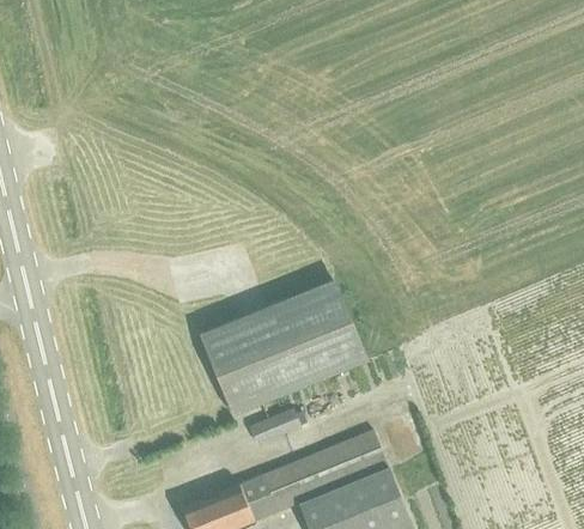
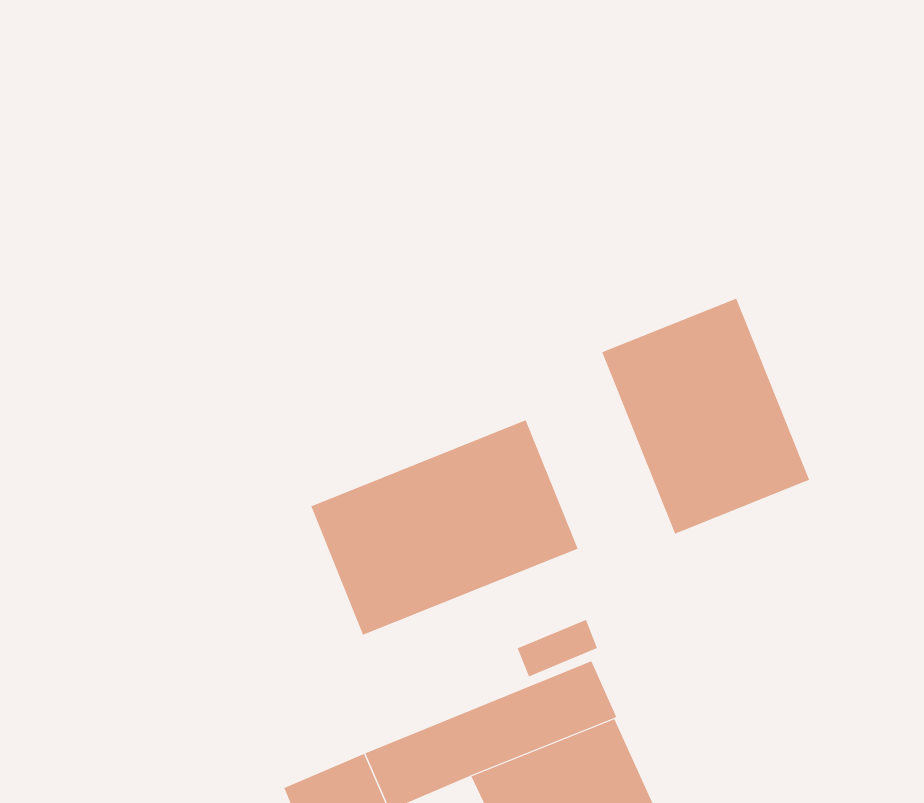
building: none -> [601,298,810,534]
building: [250,408,300,444] -> [517,619,598,677]

